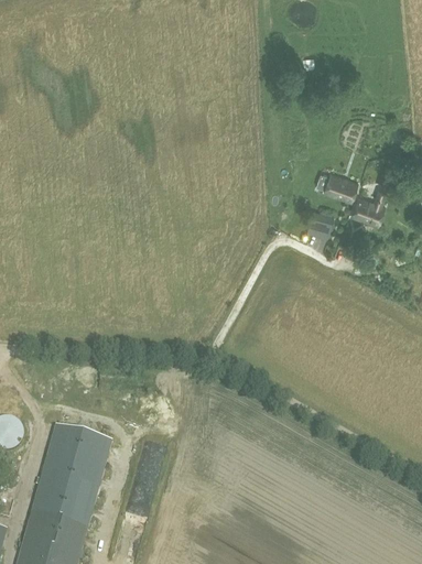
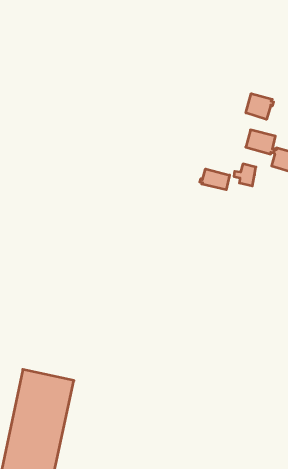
building: none -> [246,94,274,119]
building: none -> [200,169,230,190]

